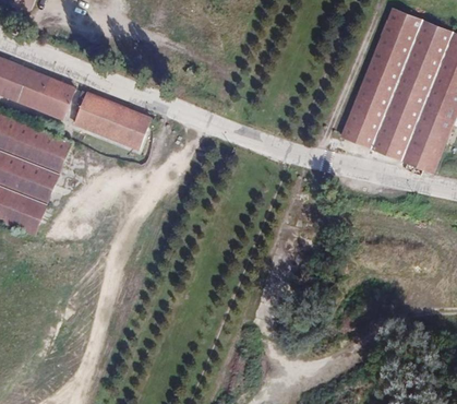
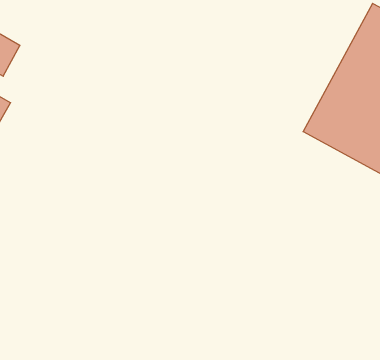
building: [70,91,146,148] -> none

